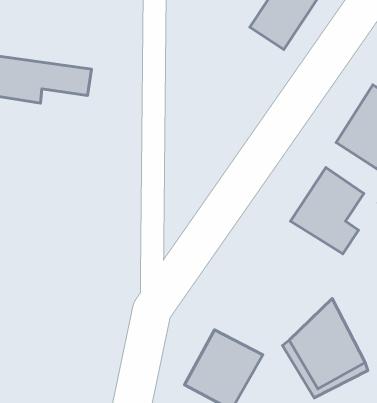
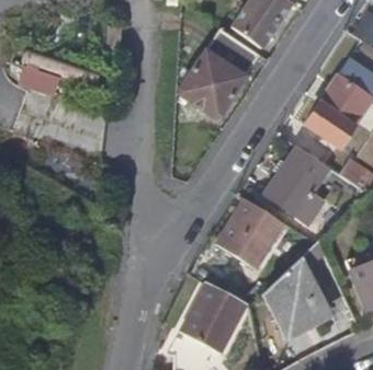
building: none -> [182,30,259,105]
building: none -> [216,197,286,269]

